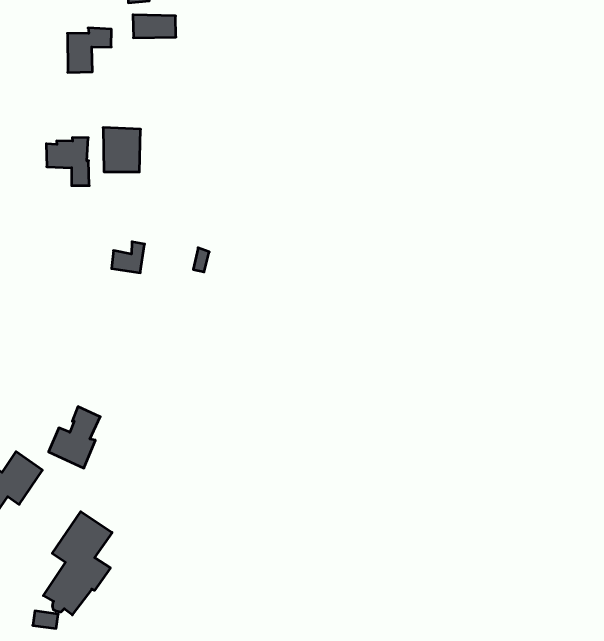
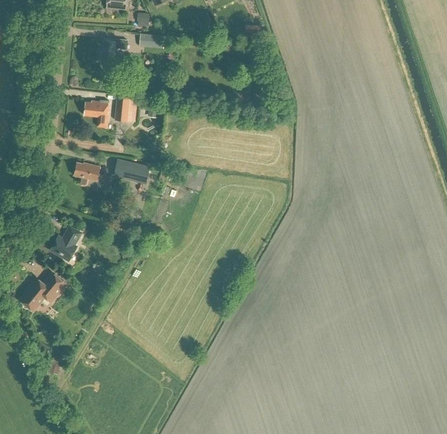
building: none -> [73,163,109,186]
building: [49,407,100,468] -> [50,226,81,261]
building: [43,512,112,615] -> none

